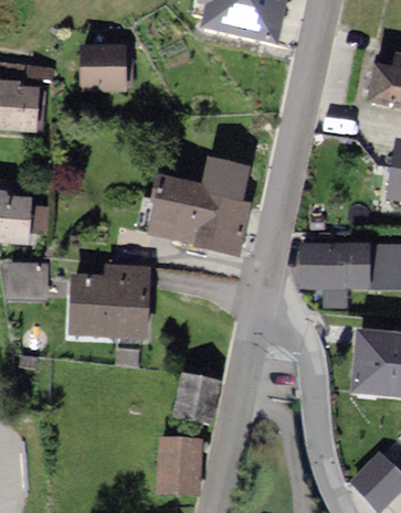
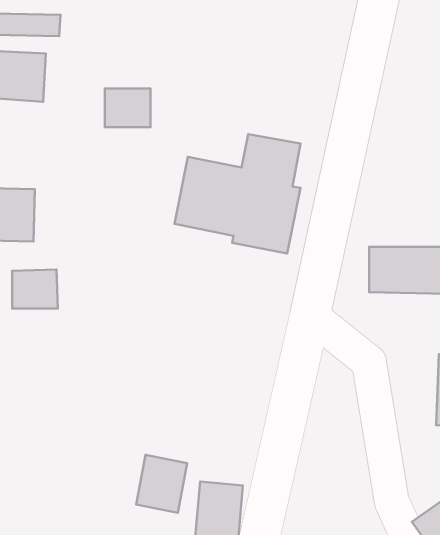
building: [87,55,125,87] -> [105,88,151,127]
building: [75,270,152,335] -> none
building: [178,375,220,423] -> [136,455,187,513]

